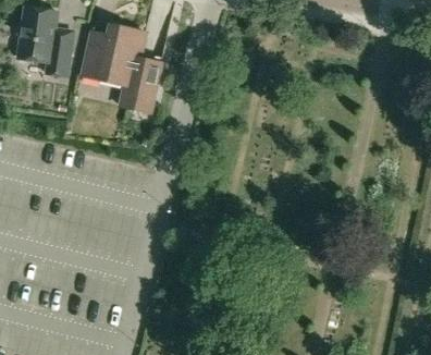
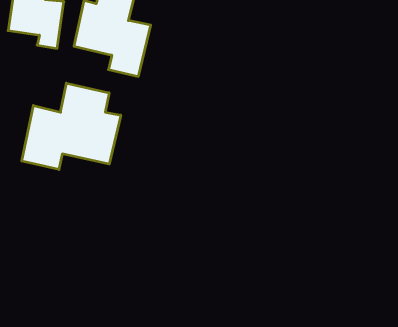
building: none -> [22,83,121,170]

